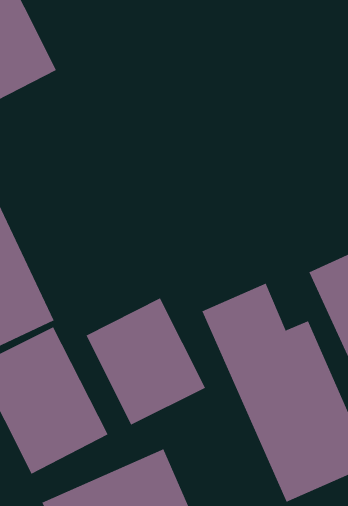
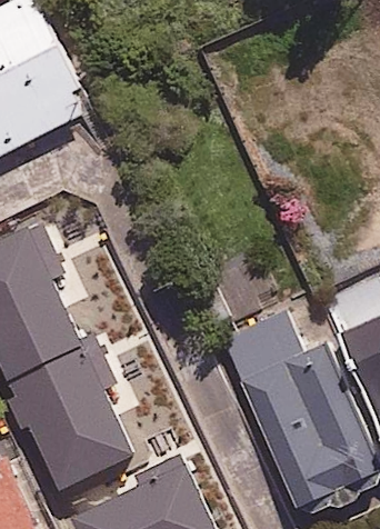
building: [86,297,206,425] -> none

